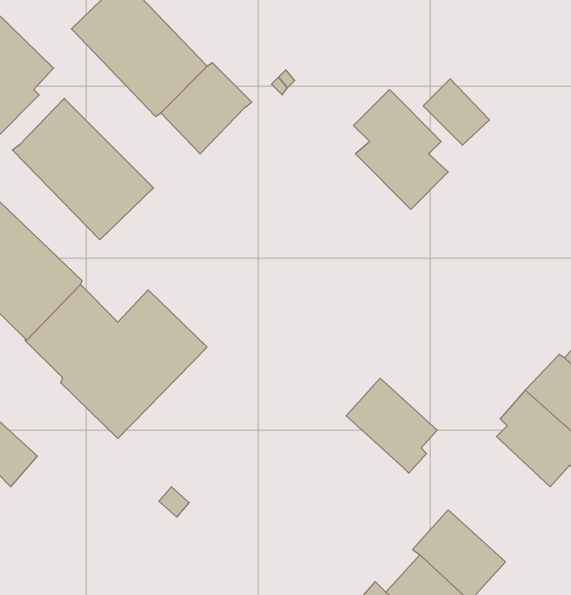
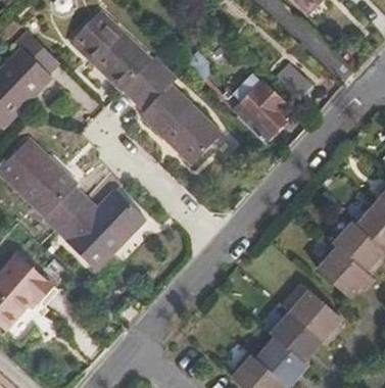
building: [12,98,154,240] -> [141,85,222,165]
building: [346,378,437,473] -> [287,293,339,347]

